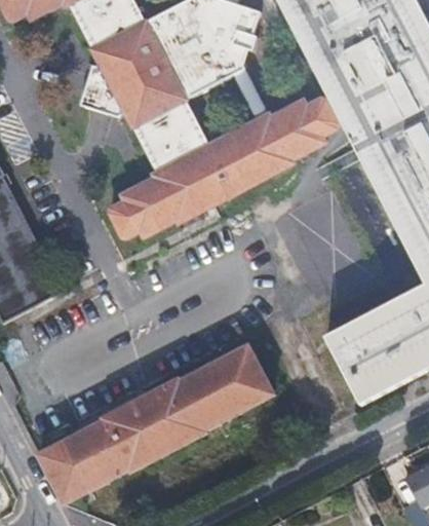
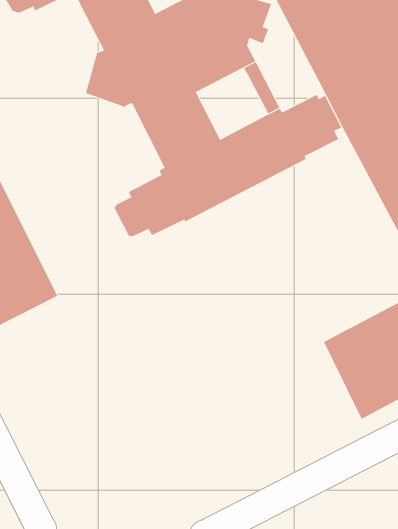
building: [35,339,280,505] -> none

